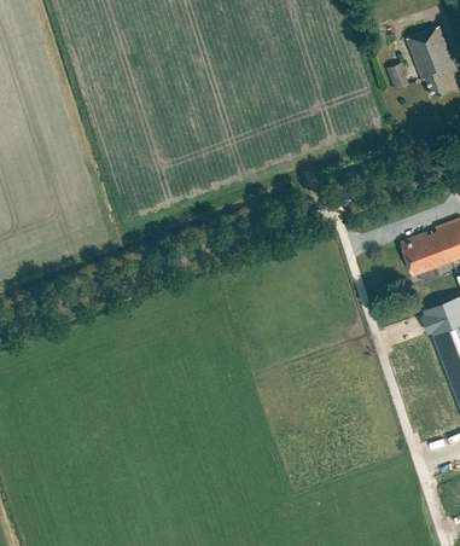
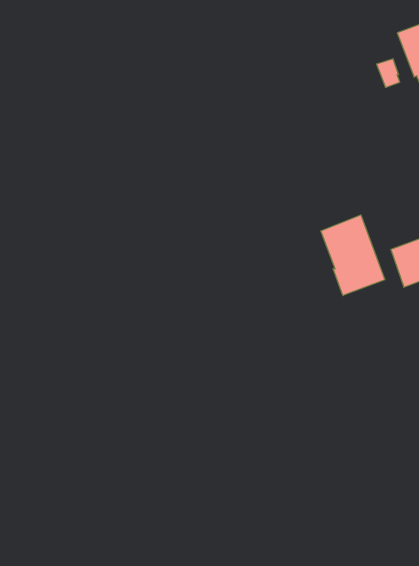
building: none -> [321,215,385,296]

